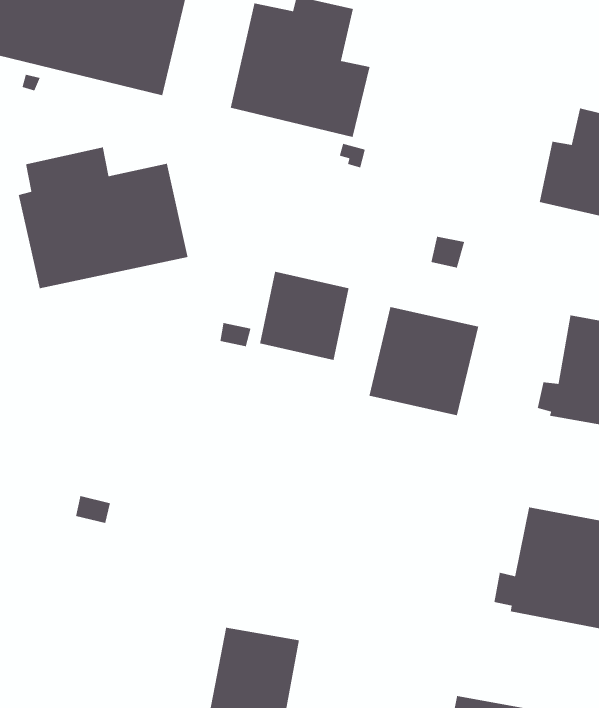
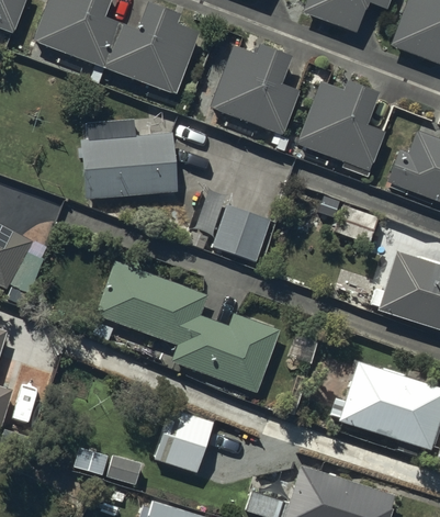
building: none -> [296,80,383,170]
building: [368,306,479,416] -> none
building: none -> [94,260,278,393]

